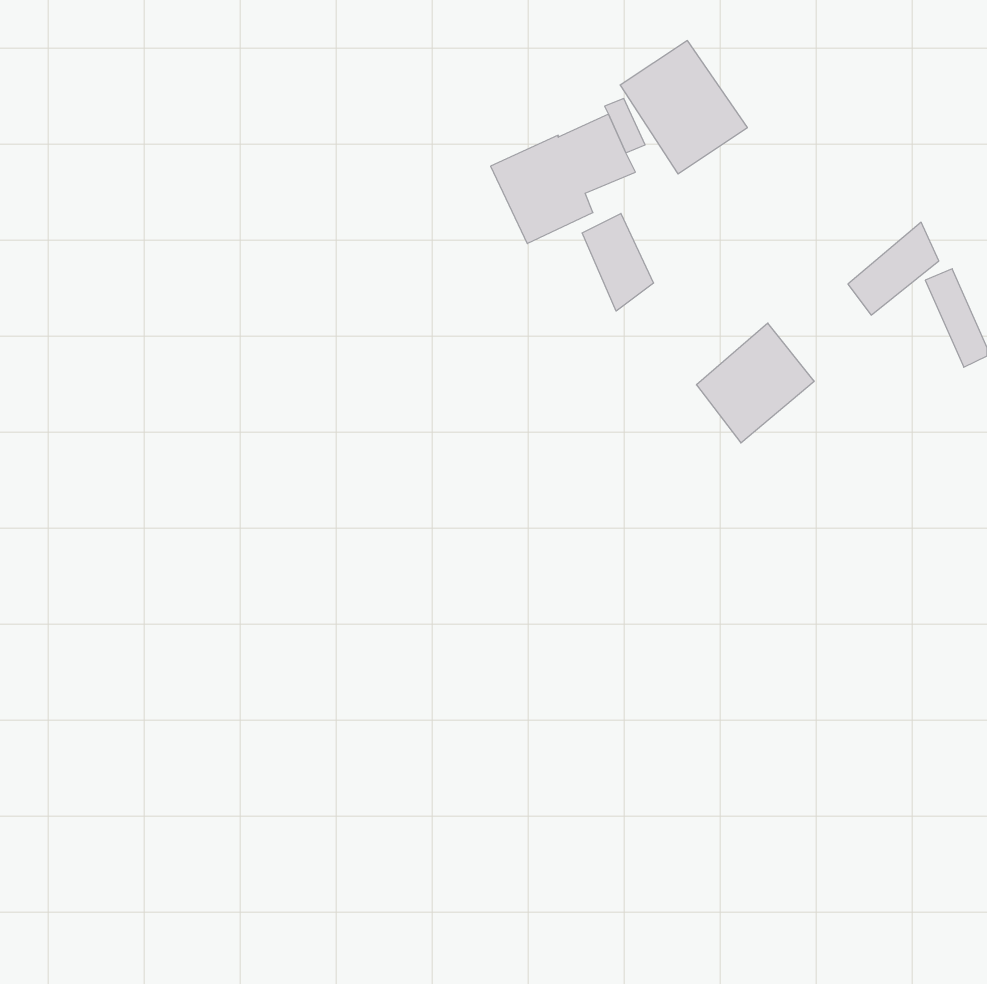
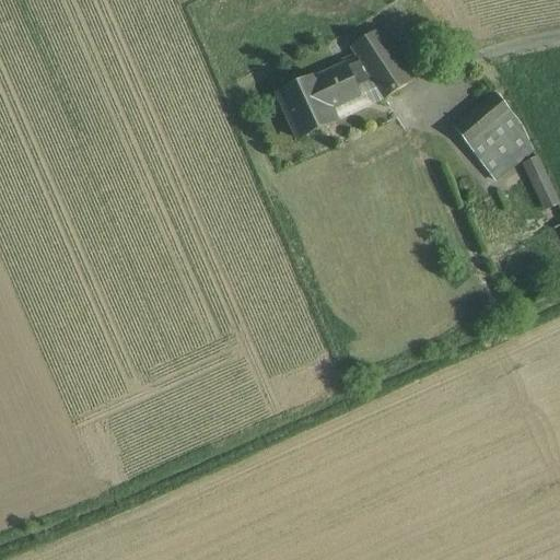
building: [582,213,654,311] -> none
building: [696,323,814,443] -> [455,93,522,161]

